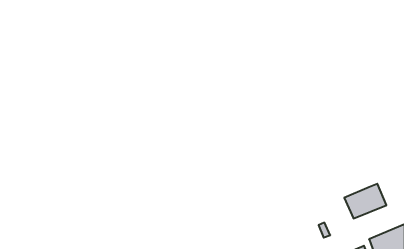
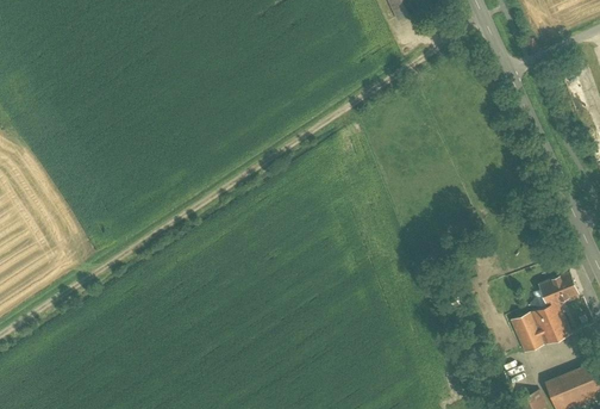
building: none -> [537,271,579,306]

